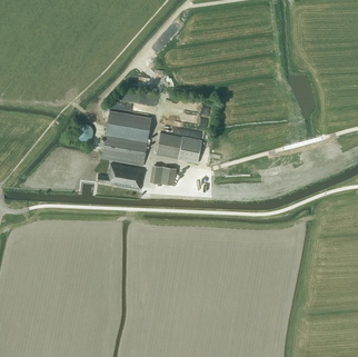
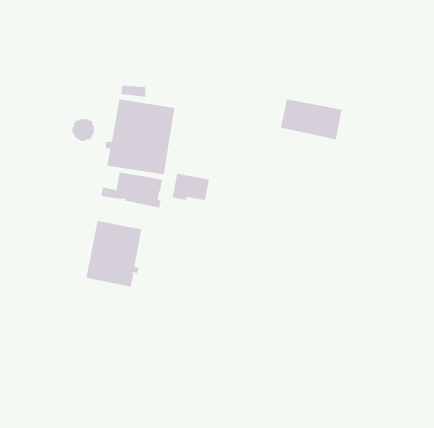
building: [157,133,202,163] -> [280,99,342,140]
building: none -> [86,220,142,287]

